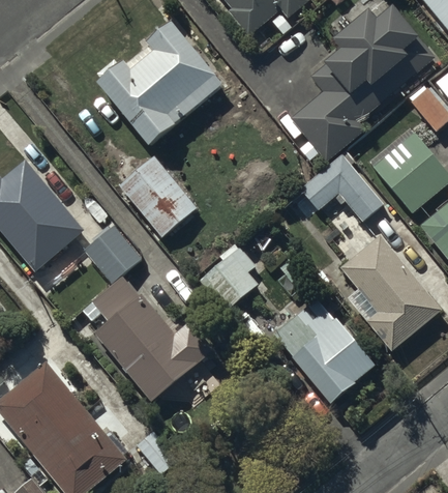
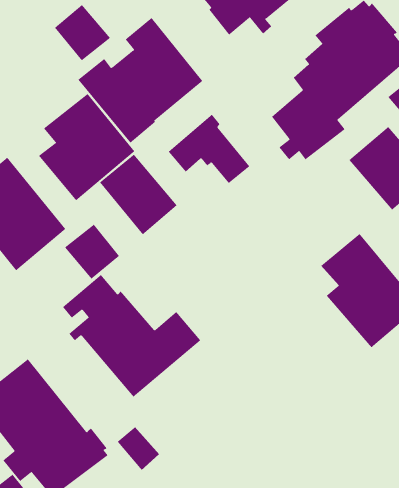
building: none -> [54,4,111,61]
building: none -> [38,93,135,201]
building: [300,151,383,222] -> [168,114,250,184]
building: [199,242,257,311] -> none
building: [274,299,375,402] -> none

